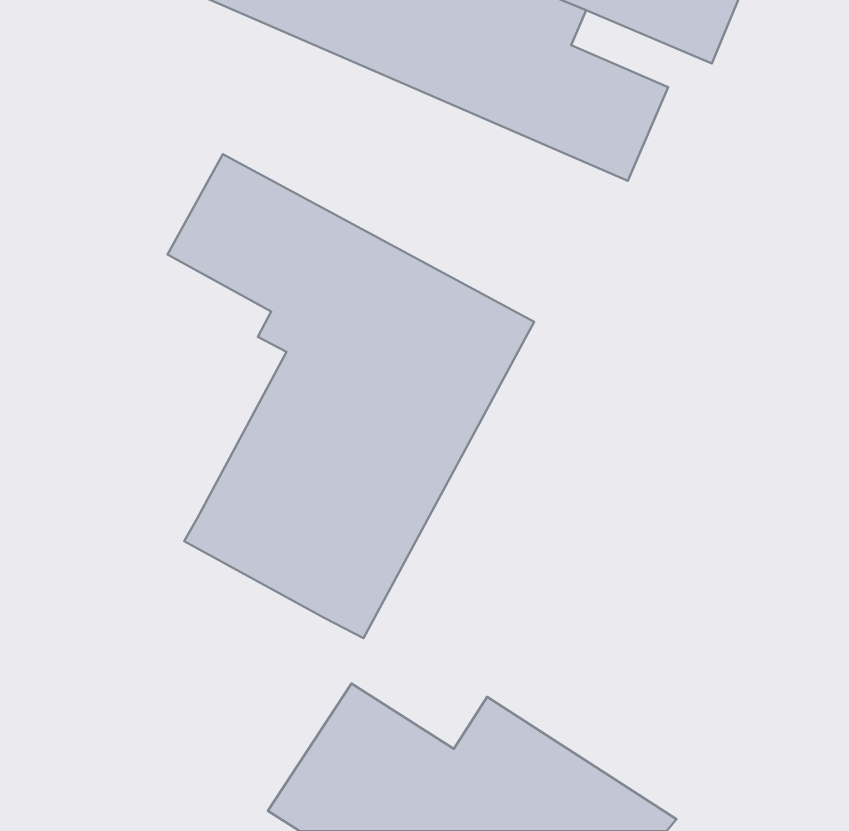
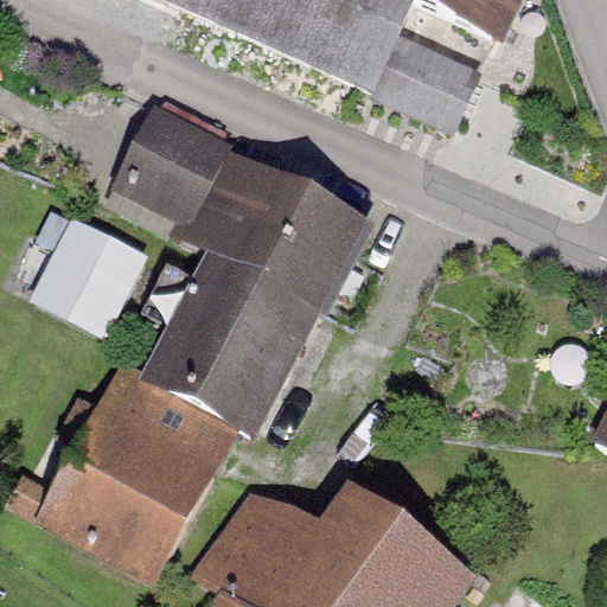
building: none -> [30,213,153,337]
building: none -> [36,357,230,581]

